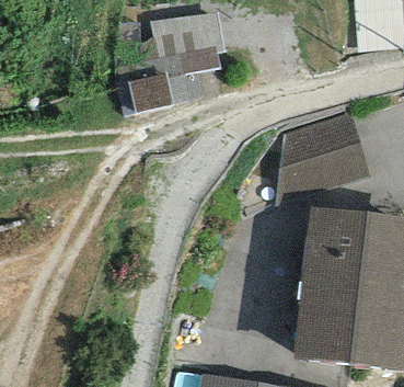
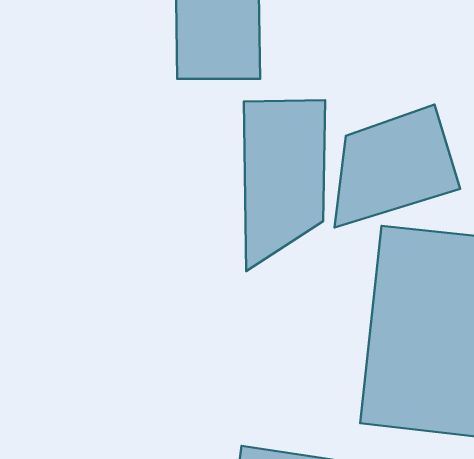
building: none -> [244,100,325,271]

